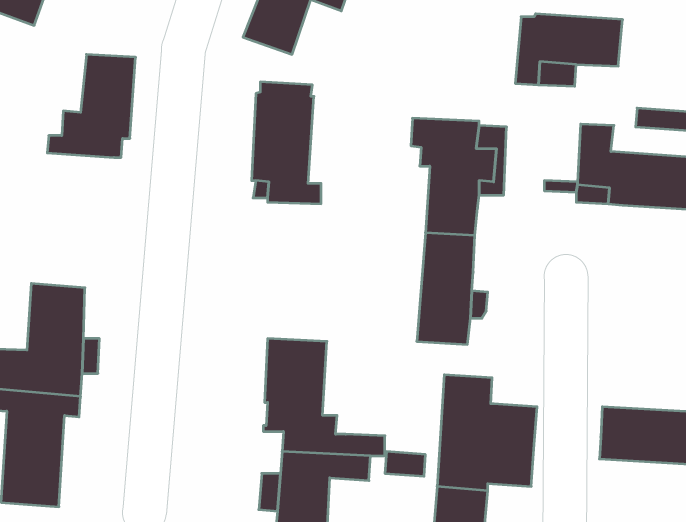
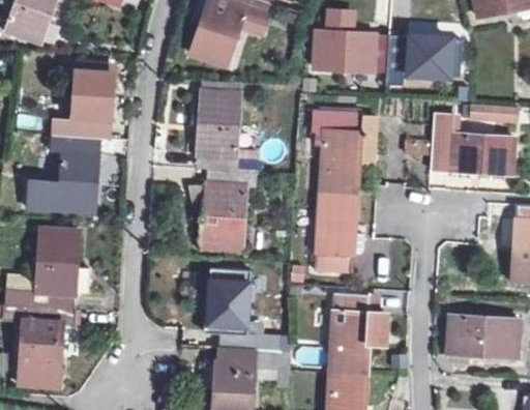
building: none -> [313,32,389,85]
building: none -> [26,135,98,210]
building: none -> [189,170,256,250]

